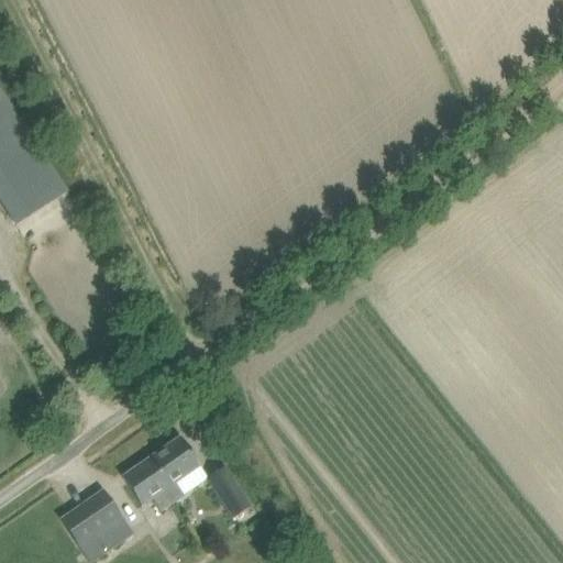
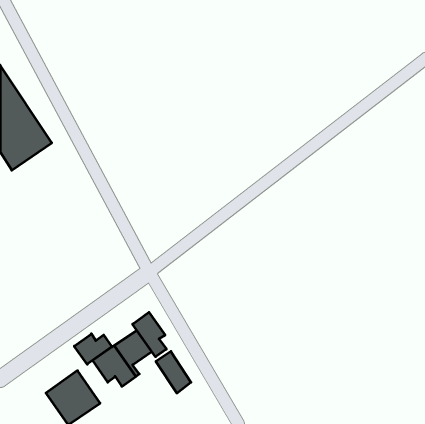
building: none -> [133,312,166,357]
building: none -> [74,334,112,364]

